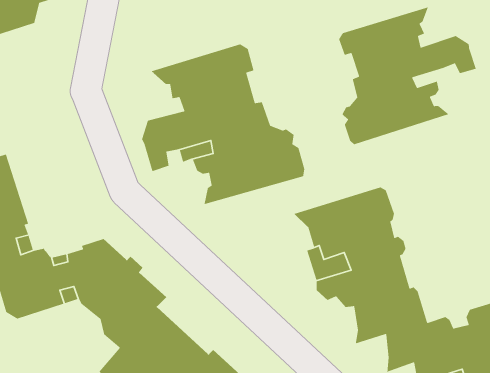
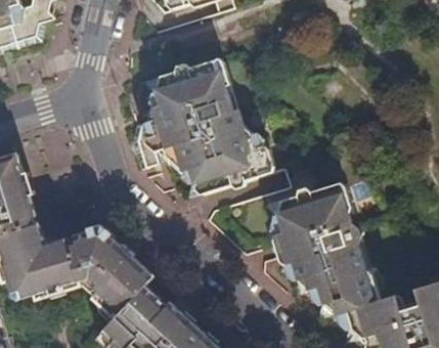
building: [338,6,477,145] -> none

